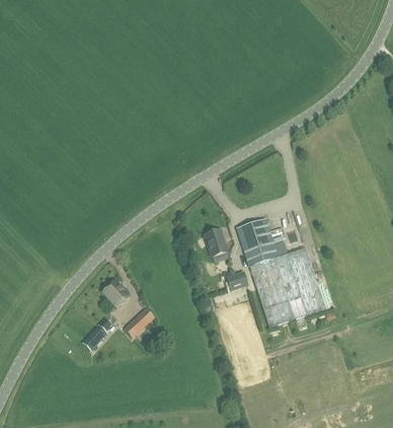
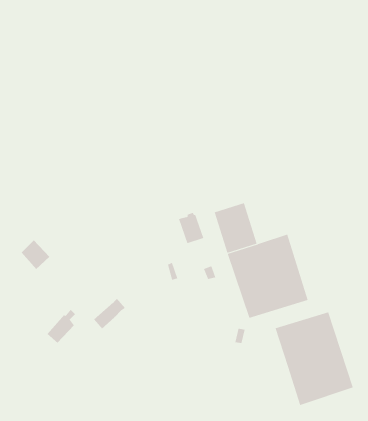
building: [102,279,130,307] -> [21,239,50,270]
building: none -> [275,312,354,406]

